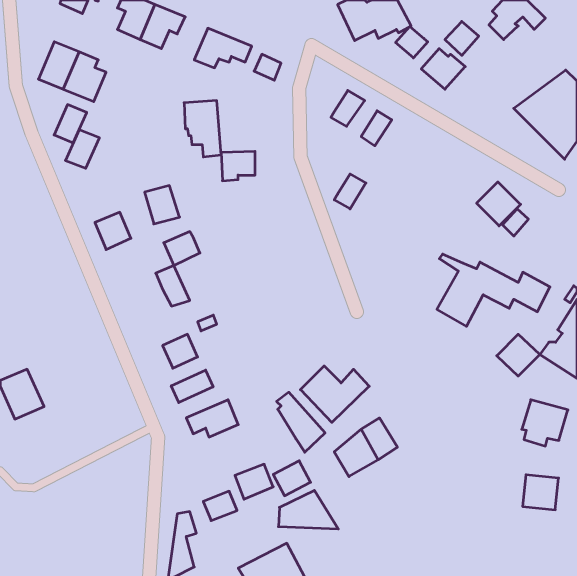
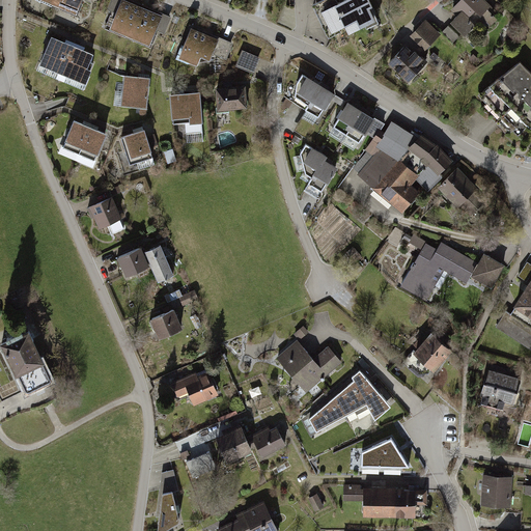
building: [396,27,428,58] -> none
building: none -> [295,75,319,104]
building: none -> [120,77,150,109]
building: [54,105,87,143] -> [79,128,109,163]
building: none -> [344,111,373,143]
building: none -> [353,120,453,212]
building: [221,151,255,181] -> [214,87,245,114]
building: none -> [300,146,324,179]
building: [145,186,180,224] -> [120,130,152,165]
building: [164,232,200,265] -> [116,247,149,278]
building: [497,334,540,376] -> [412,332,451,370]
building: [171,370,213,403] -> none
building: [277,392,325,452] -> [347,369,392,424]
building: [523,475,559,510] -> [479,476,512,508]
building: [278,490,338,529] -> [358,437,413,472]
building: none -> [360,485,413,514]

